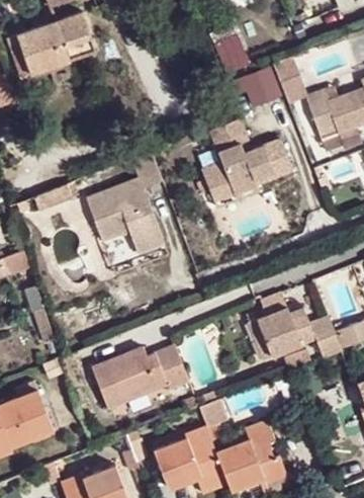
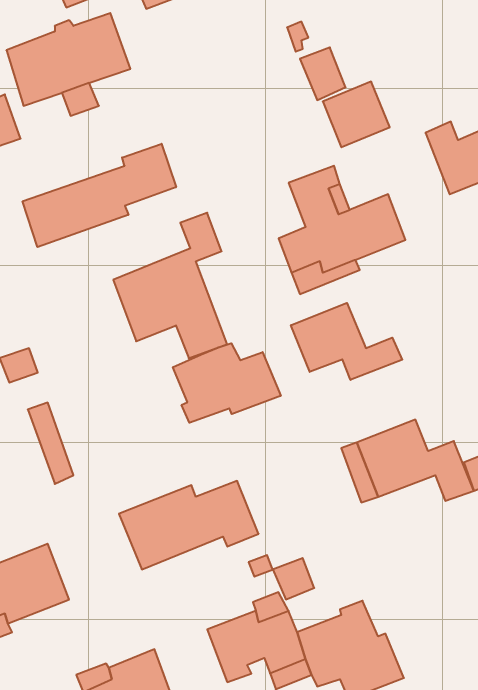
building: [271,52,305,101] -> none
building: none -> [23,144,176,247]
building: none -> [291,303,402,380]
building: none -> [173,343,281,423]

